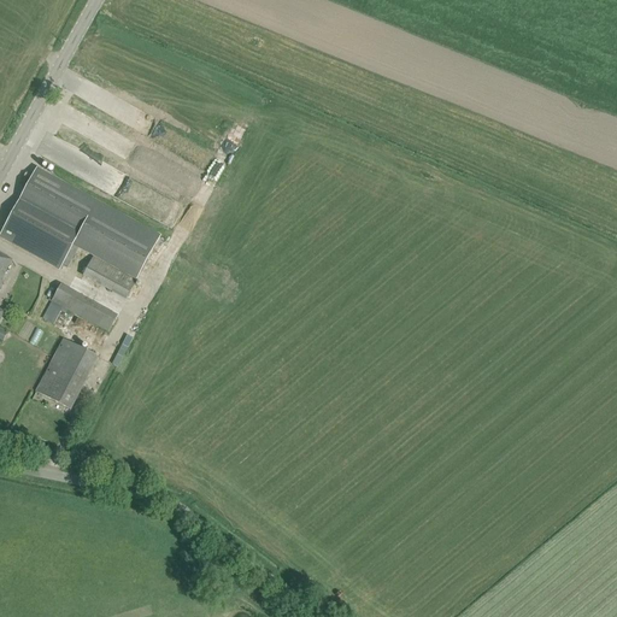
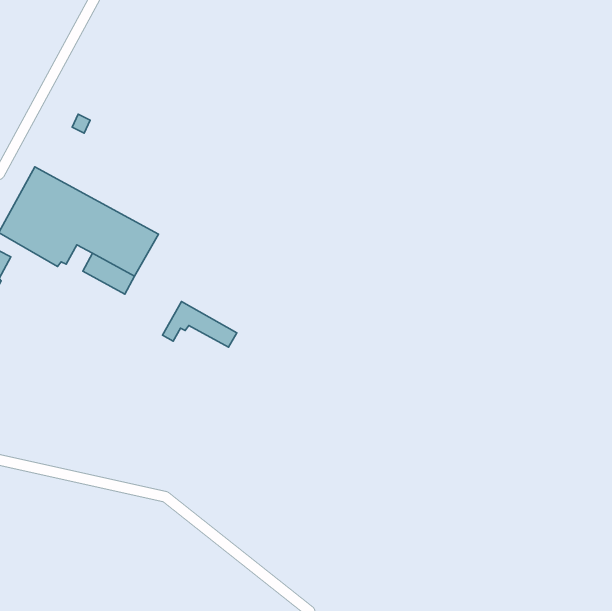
building: [41,283,116,329] -> [162,302,237,347]
building: [35,337,96,407] -> none

